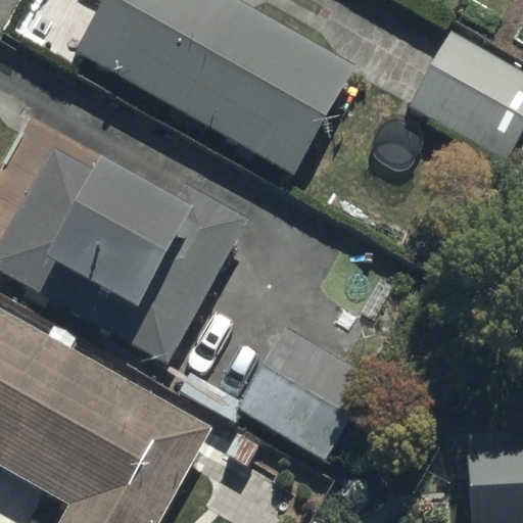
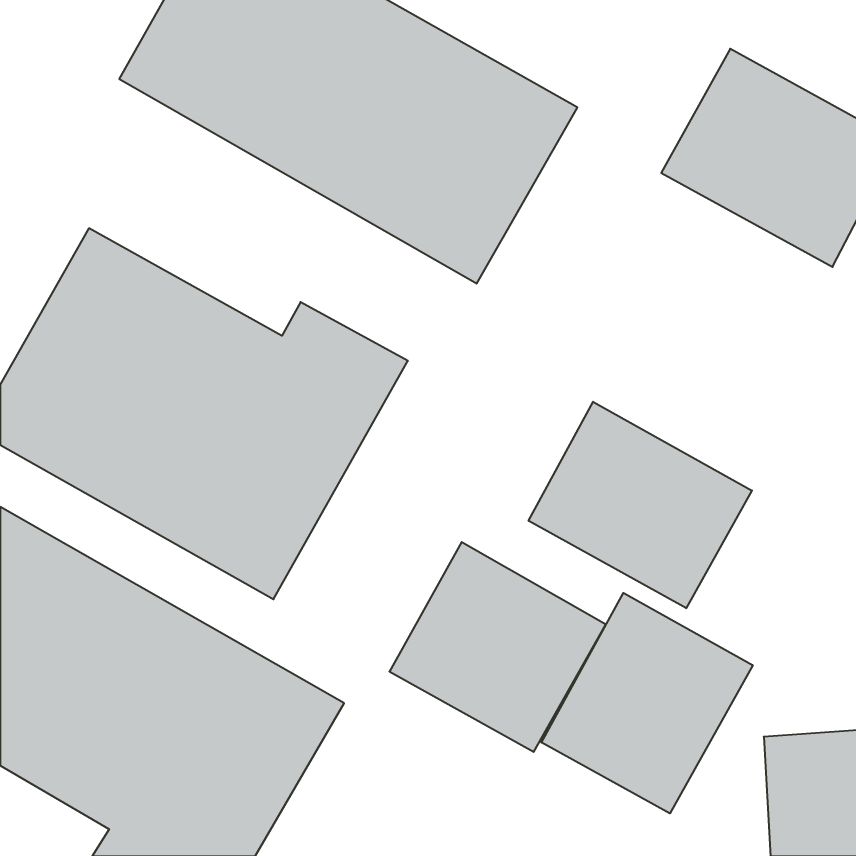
building: none -> [529,402,752,608]
building: none -> [541,593,753,813]

